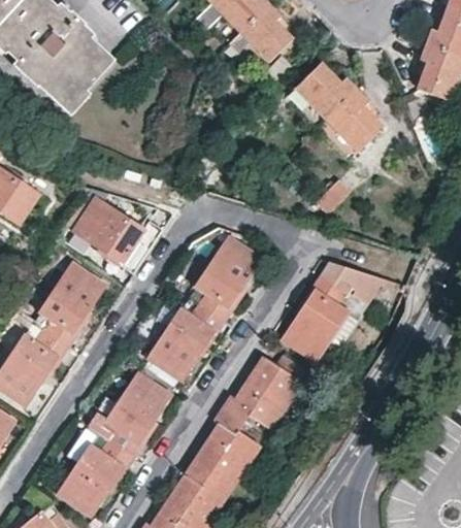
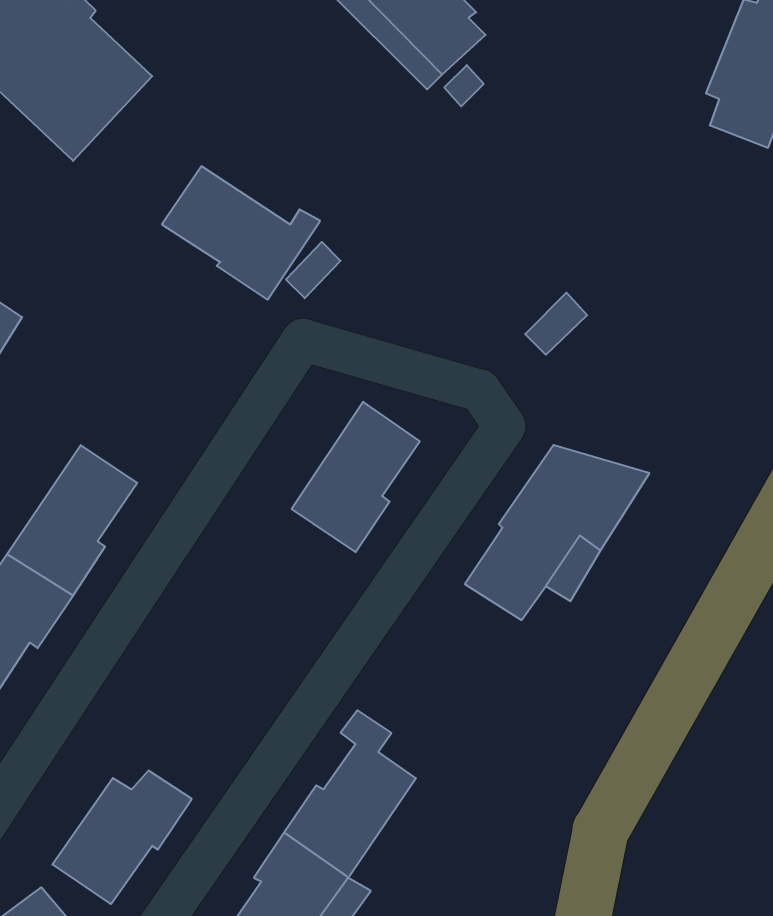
building: [293,65,381,153] -> none
building: [72,198,159,271] -> [162,166,320,300]
building: [149,298,223,380] -> none
building: [222,355,304,428] -> none
building: [98,373,170,457] -> none

